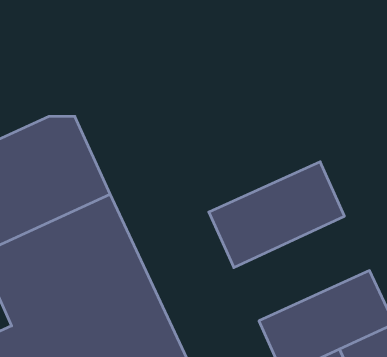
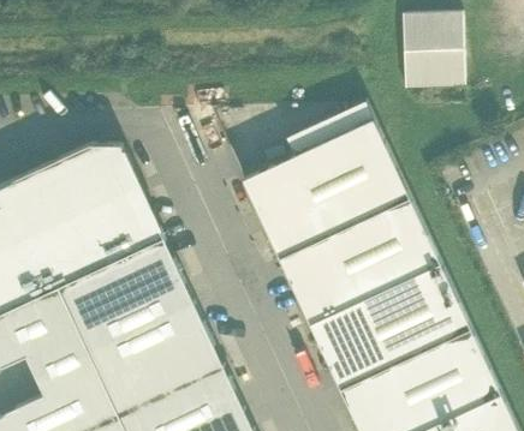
building: none -> [399,10,463,85]
building: none -> [243,100,412,256]
building: none -> [309,261,471,385]

